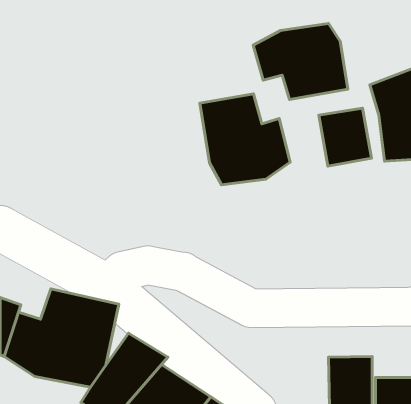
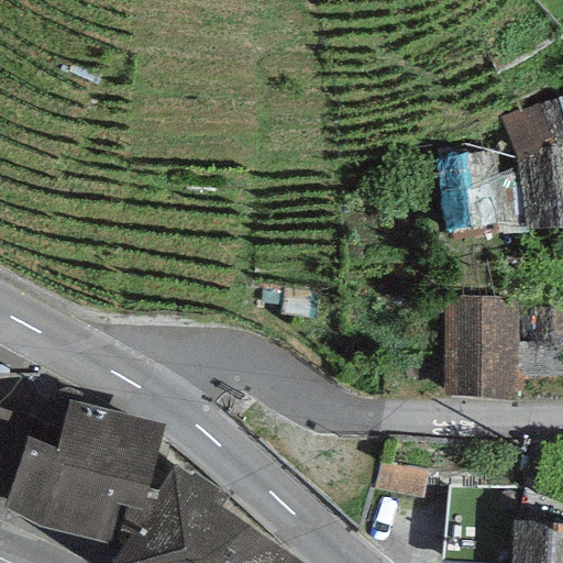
building: [253,24,348,99] -> none
building: [200,94,290,185] -> none
building: none -> [442,308,522,397]

